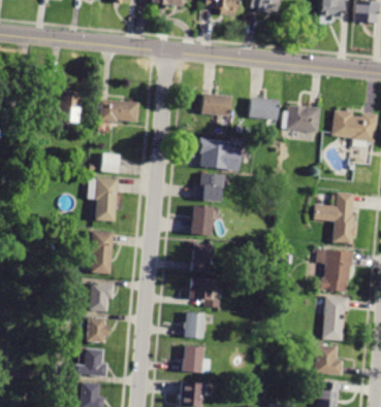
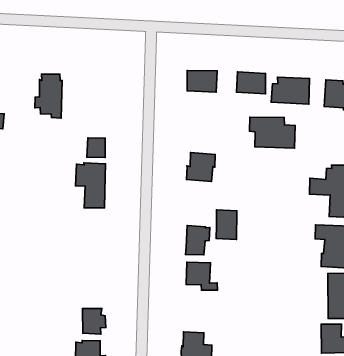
building: [99,99,139,122] -> none
building: [193,137,237,169] -> [250,117,295,148]
building: [191,204,213,234] -> [216,210,237,240]
building: [92,230,115,273] -> none
building: [91,282,115,311] -> none
building: [185,311,213,337] -> none

